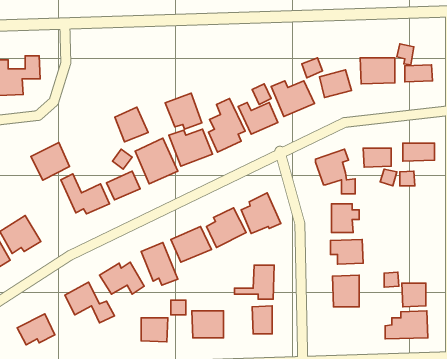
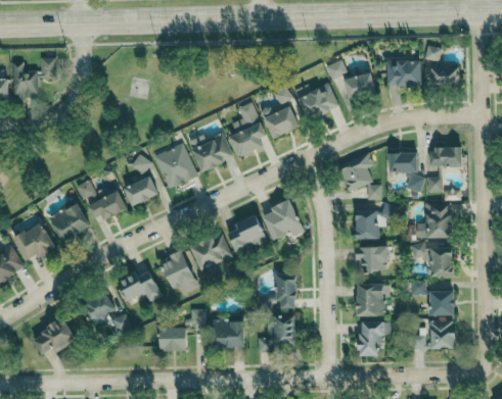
building: [165,93,202,129] -> none
building: [115,107,148,142] -> none
building: [31,143,70,180] -> [49,203,89,242]
building: none -> [416,203,450,239]
building: none -> [411,243,453,278]
building: none -> [360,321,384,356]

